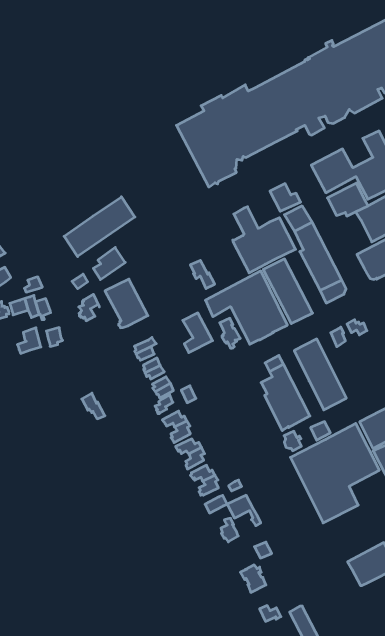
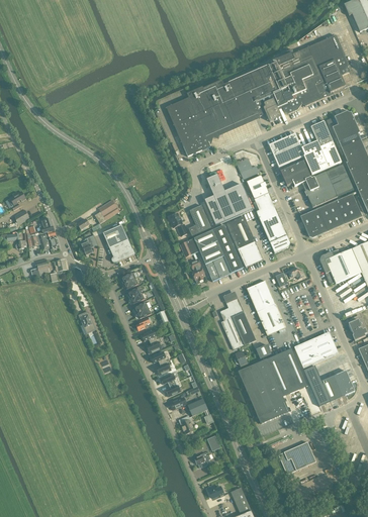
building: [64,197,135,257] -> none
building: [183,313,213,353] -> [189,204,211,234]

